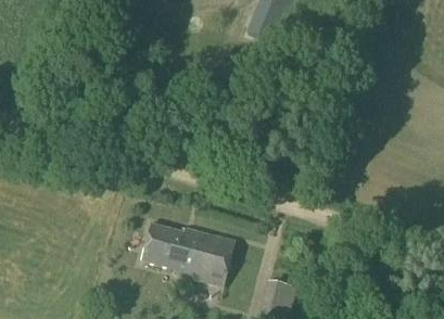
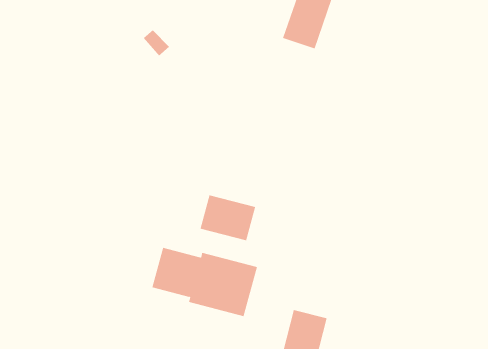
building: none -> [200,195,256,241]

